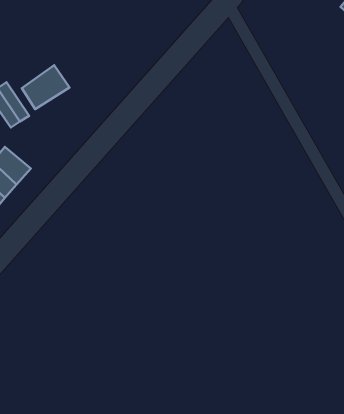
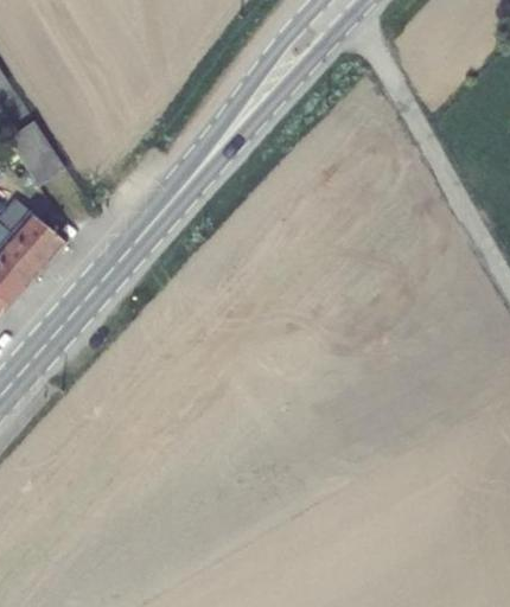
building: [22,65,69,109] -> none

